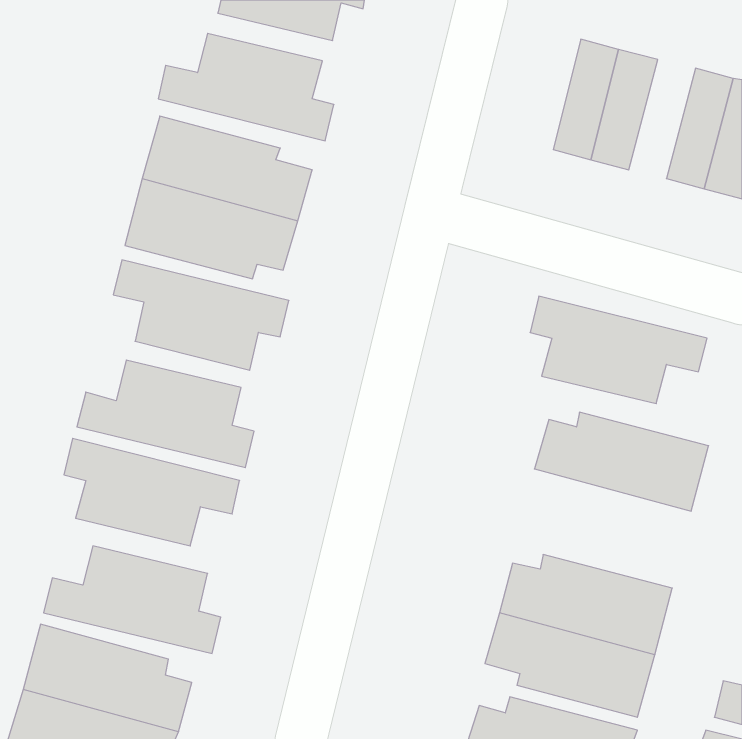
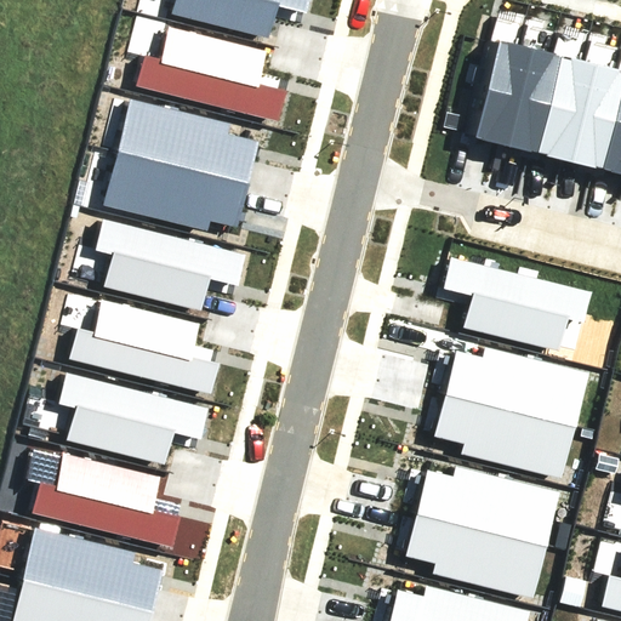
building: none -> [525,52,581,152]
building: none -> [435,394,577,483]

